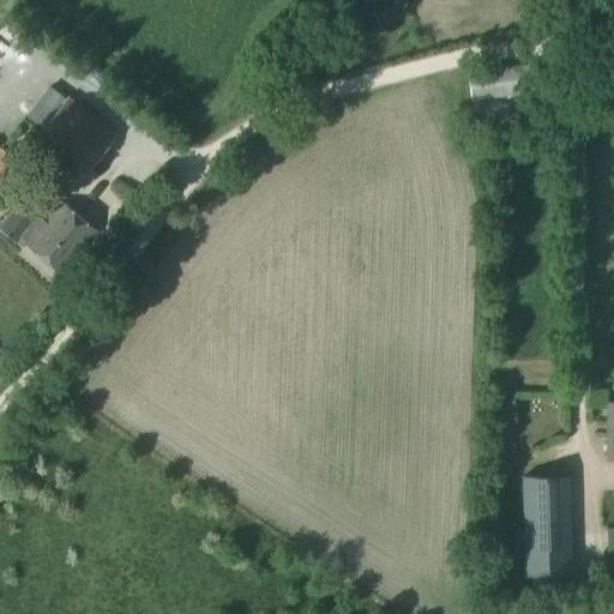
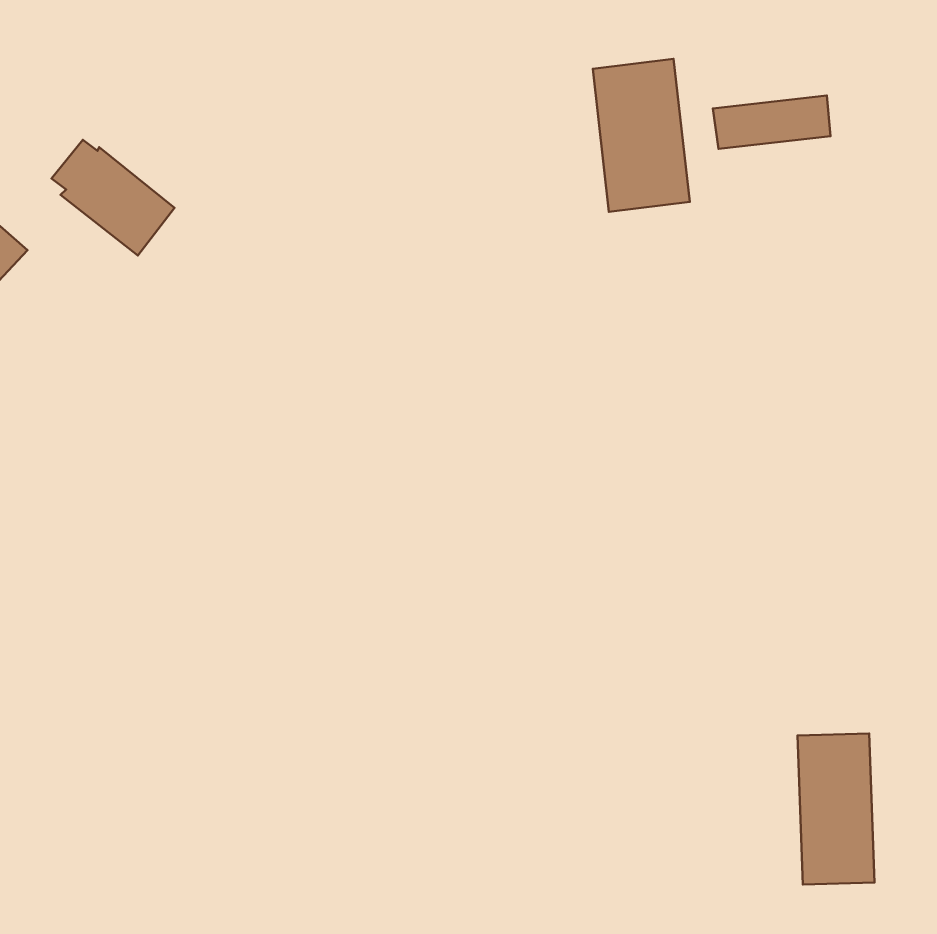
building: none -> [593,59,690,212]
building: [7,200,95,270] -> none

